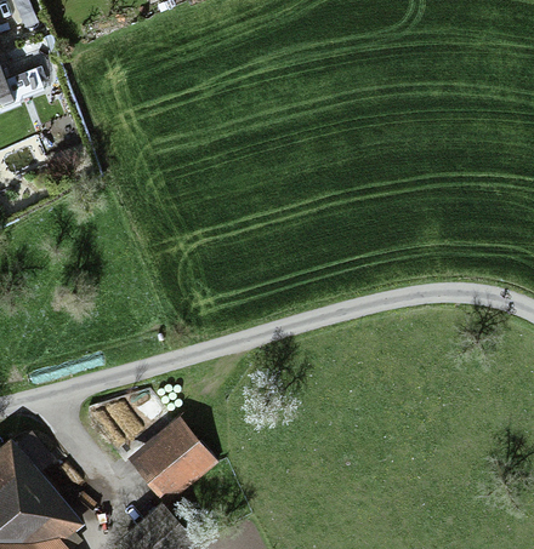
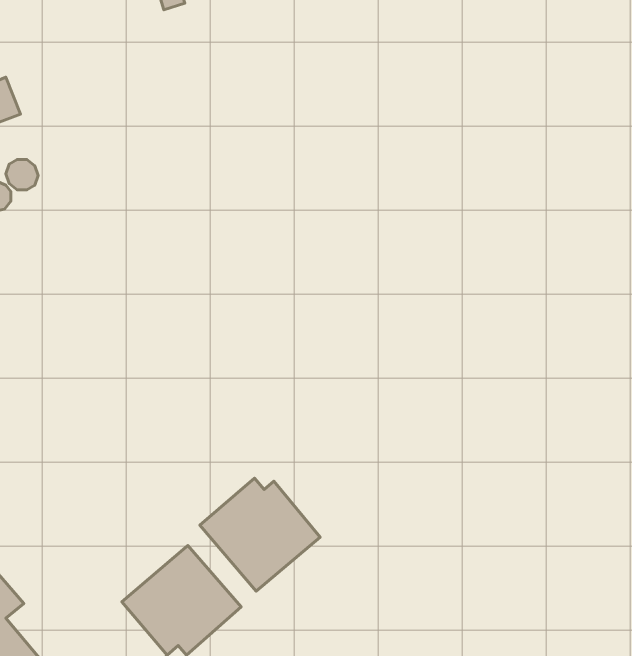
building: none -> [200,478,320,591]

